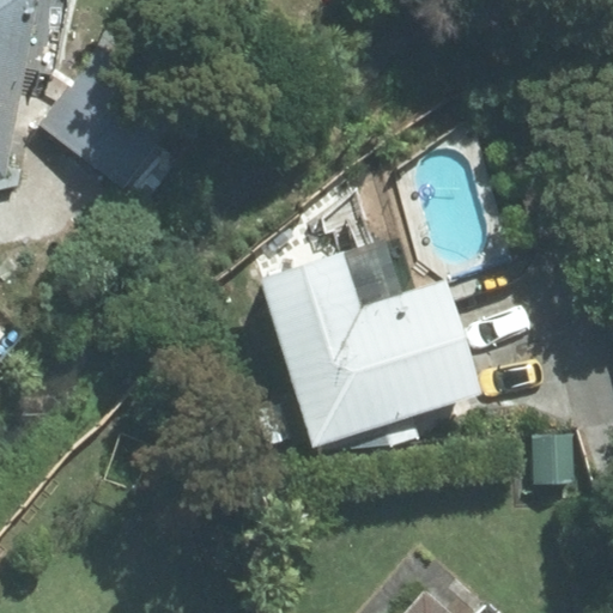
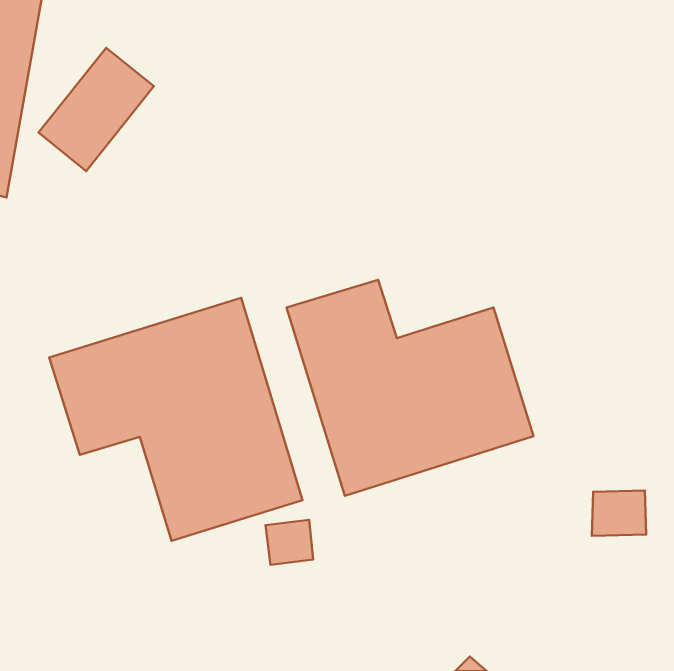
building: none -> [49,298,303,541]

